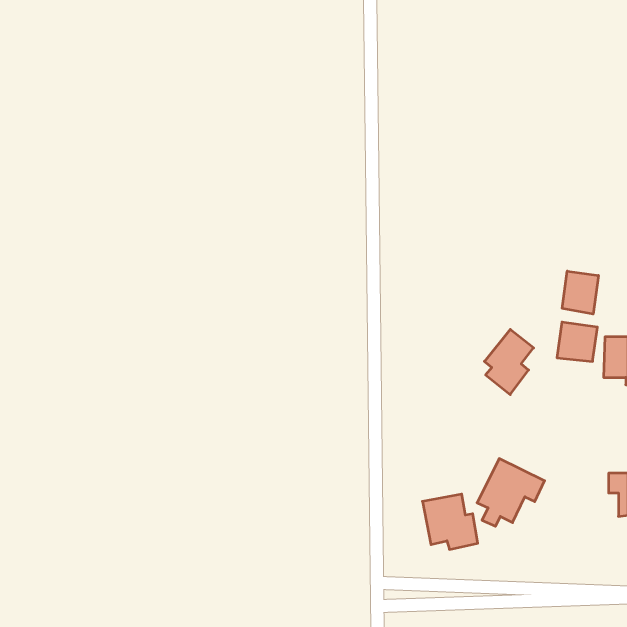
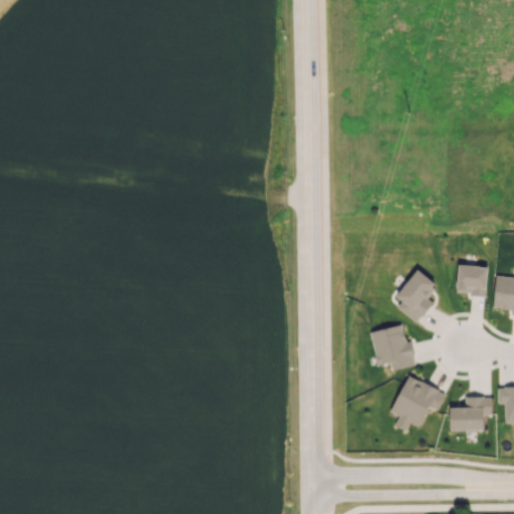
building: [562,271,598,314] -> none
building: none -> [451,398,492,431]
building: [422,494,478,549] -> [370,325,416,370]

